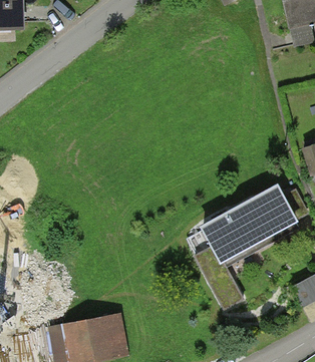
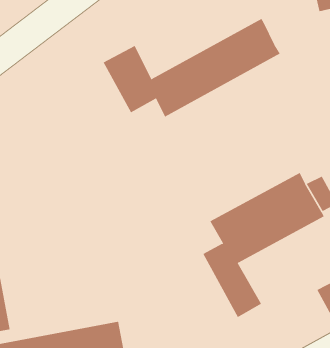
building: none -> [103,18,281,118]

